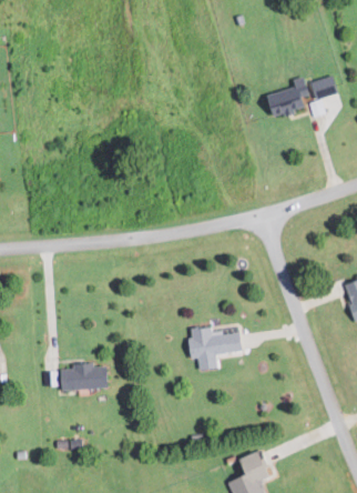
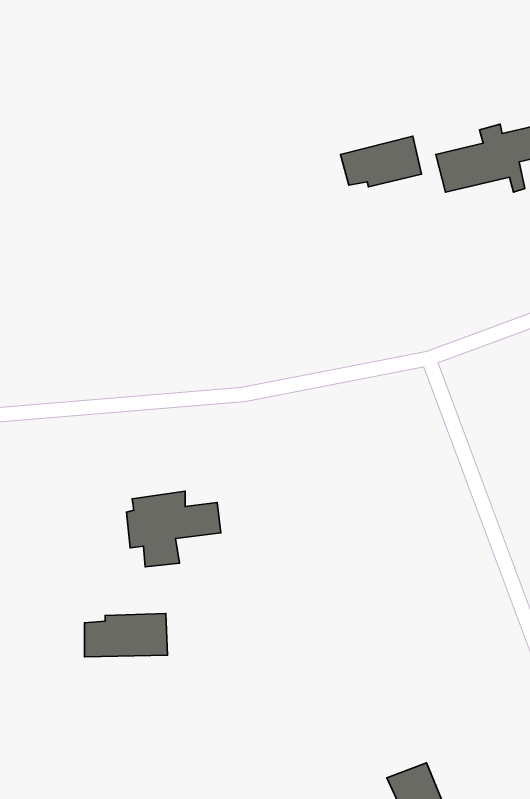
building: none -> [340,136,421,187]
building: [187,326,243,371] -> [126,491,221,567]

